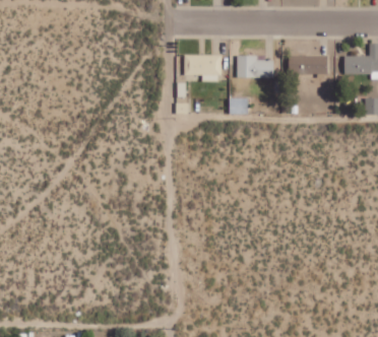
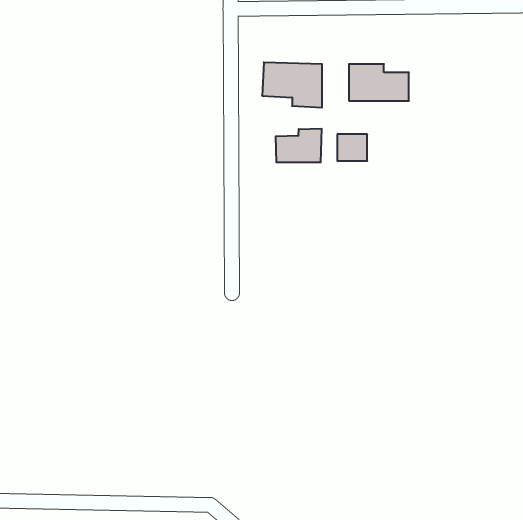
building: [290,55,327,73] -> none
building: none -> [276,129,322,162]

